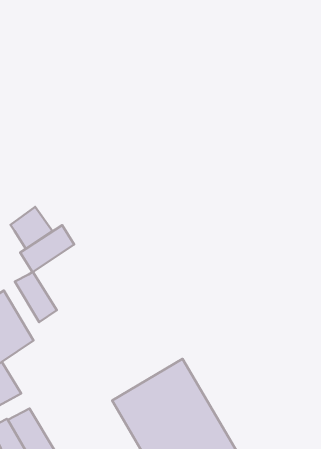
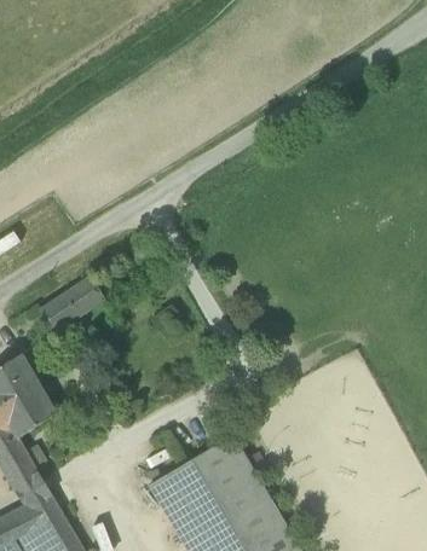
building: [11,207,53,249] -> none
building: [15,272,57,322] -> none

